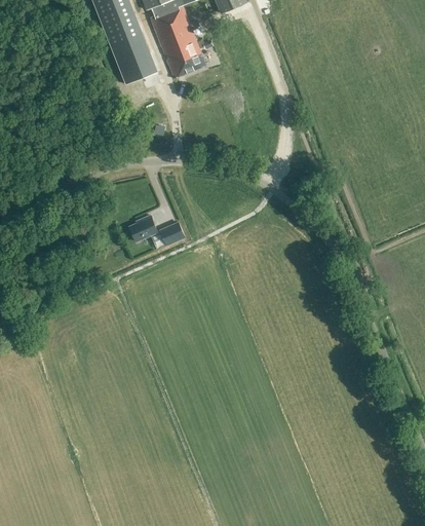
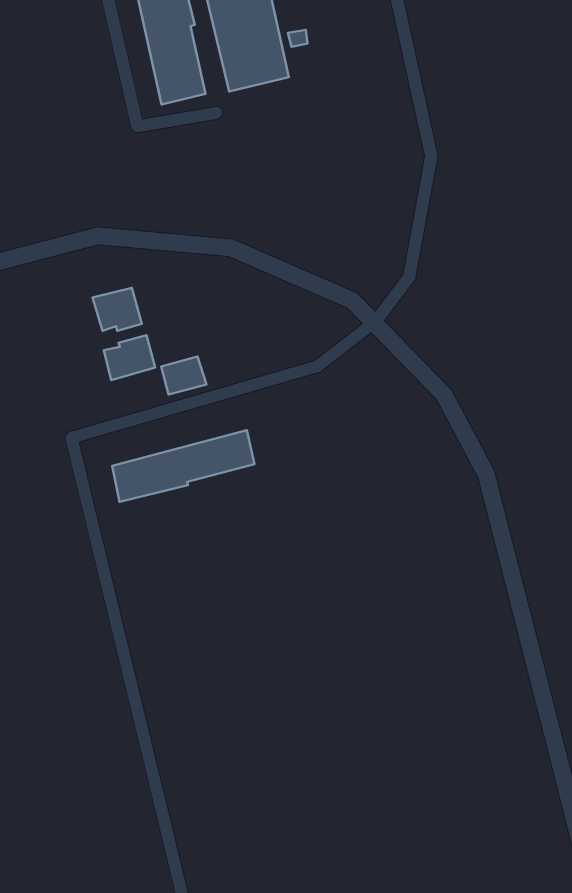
building: none -> [93,288,142,331]
building: none -> [112,430,255,502]

